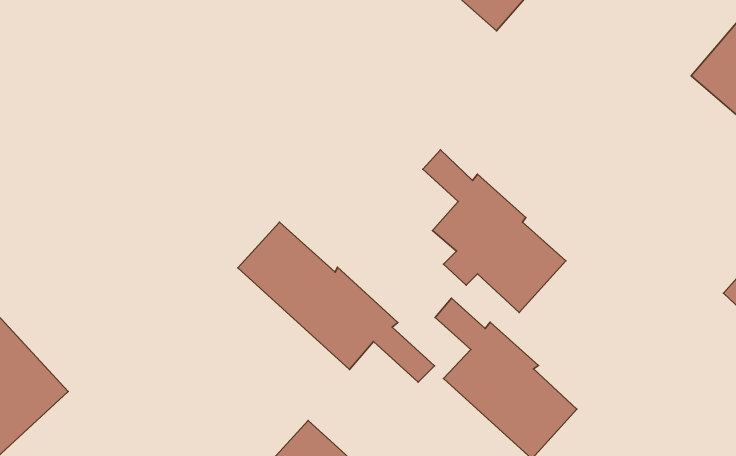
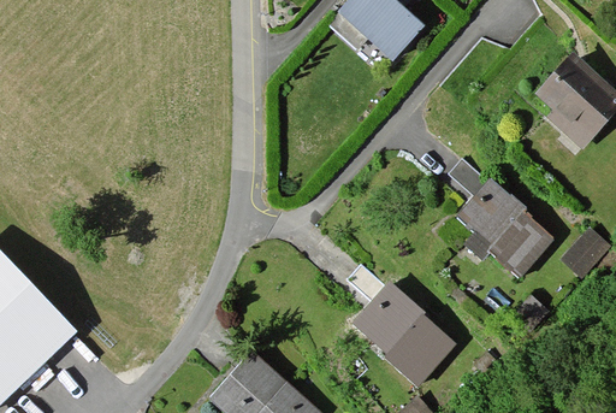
building: [423,150,566,312] -> [449,158,556,279]
building: [238,222,435,382] -> none

